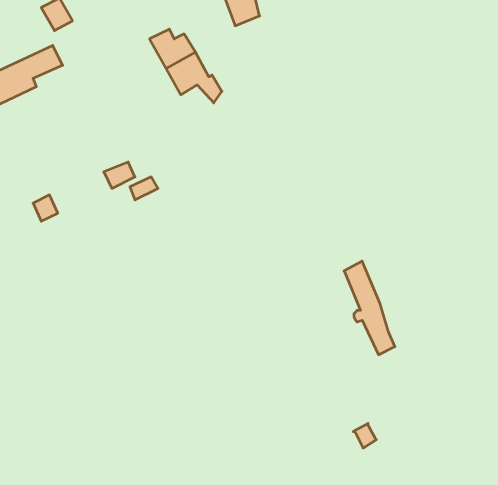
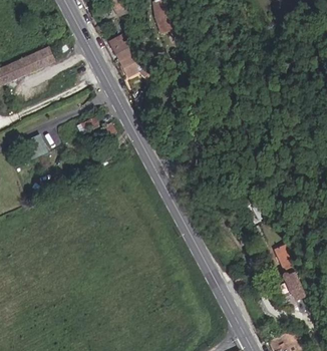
building: [344,261,395,355] -> [273,244,304,301]

